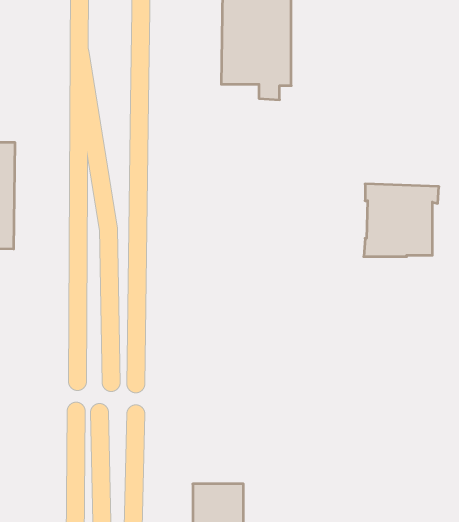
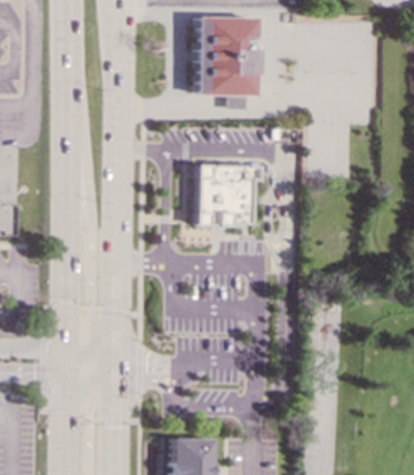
building: [364,184,439,257] -> [193,163,258,225]

